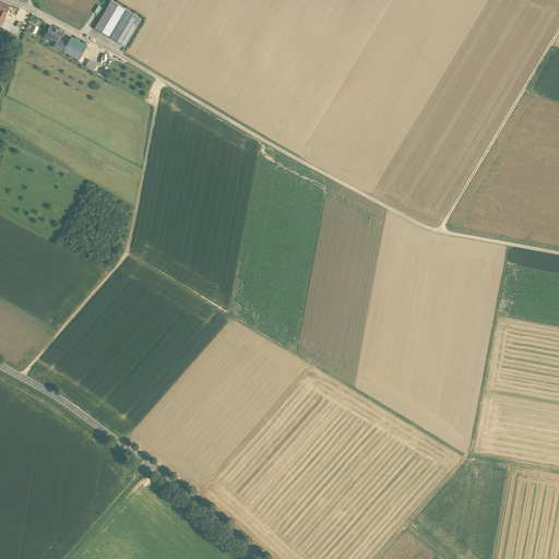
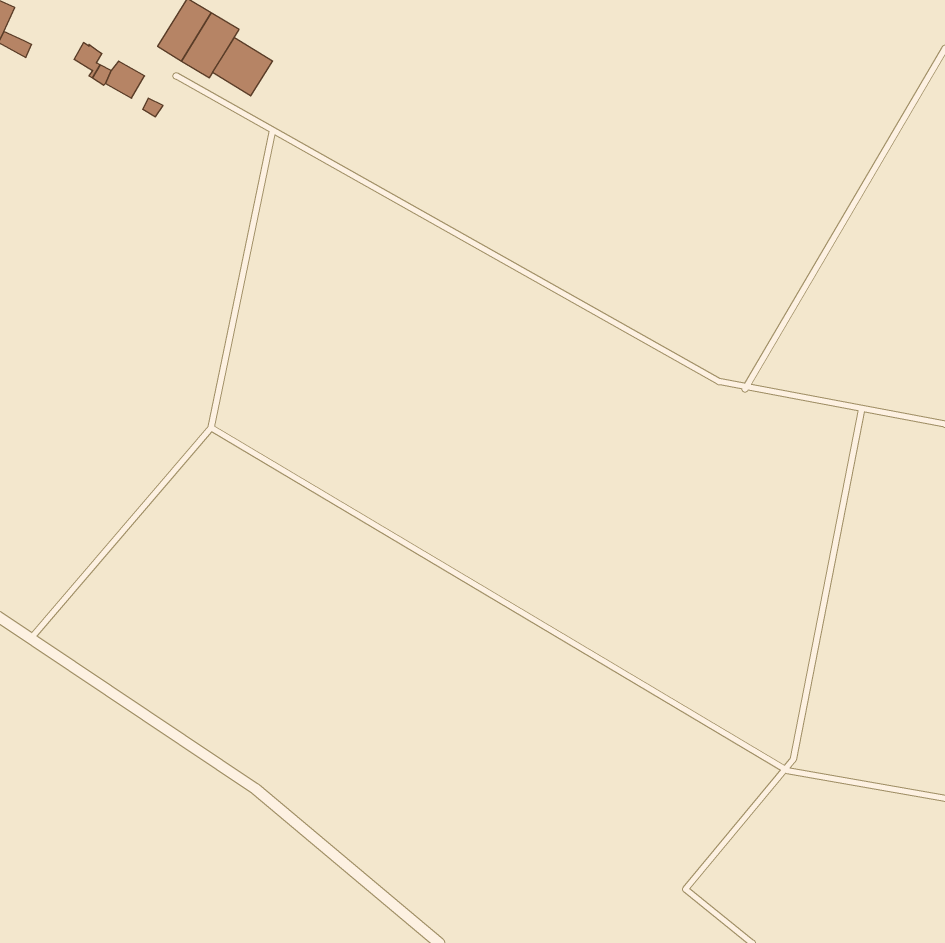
building: none -> [213,38,273,96]

